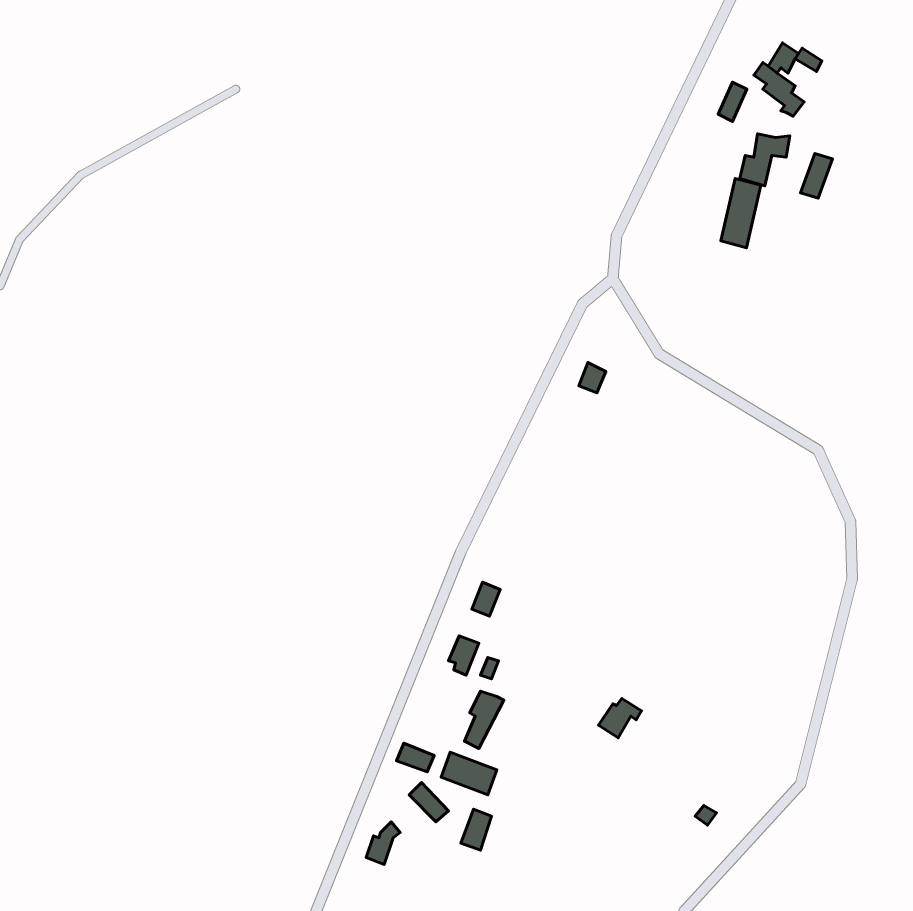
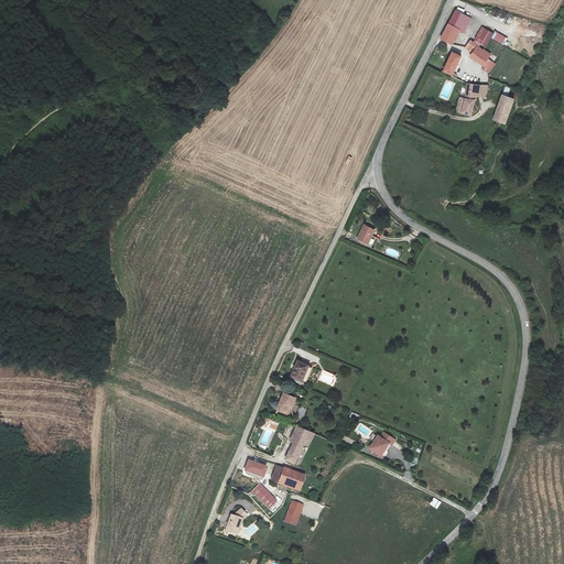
building: none -> [441,9,471,43]
building: [721,179,761,248] -> none

